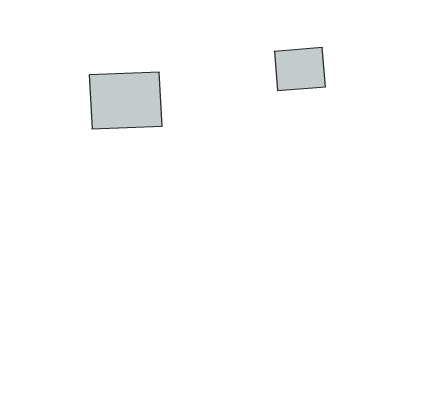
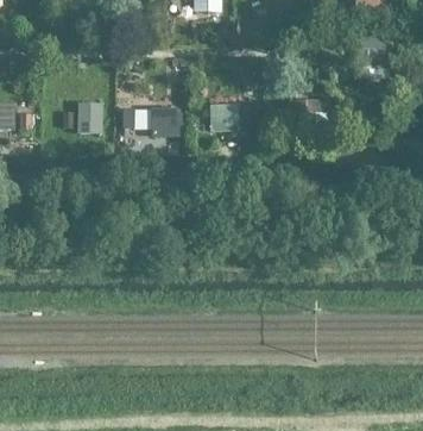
building: none -> [210,102,241,133]
building: none -> [78,101,105,135]

